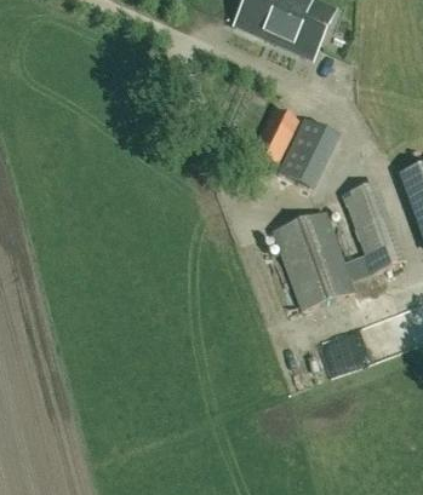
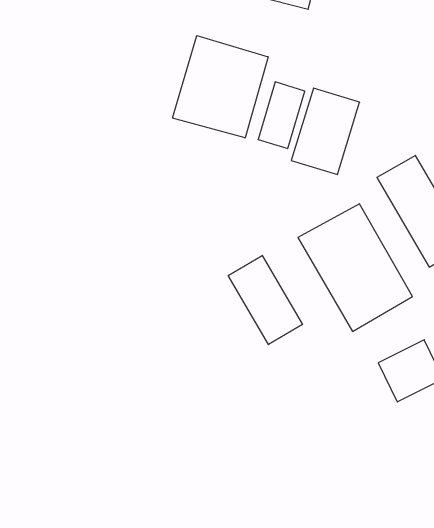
building: none -> [173,36,268,138]
building: none -> [228,255,302,345]

